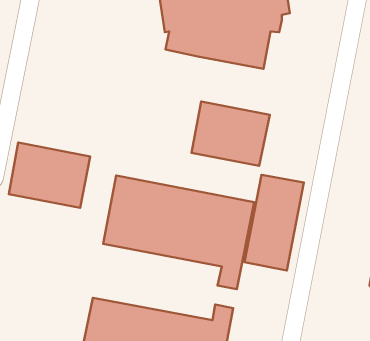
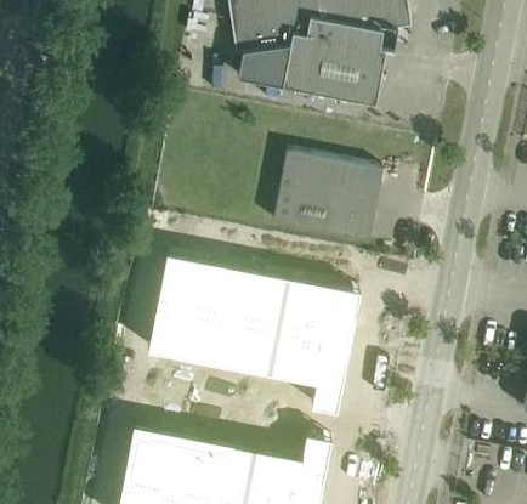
building: [9,143,90,208] -> none
building: [245,175,304,271] -> none

